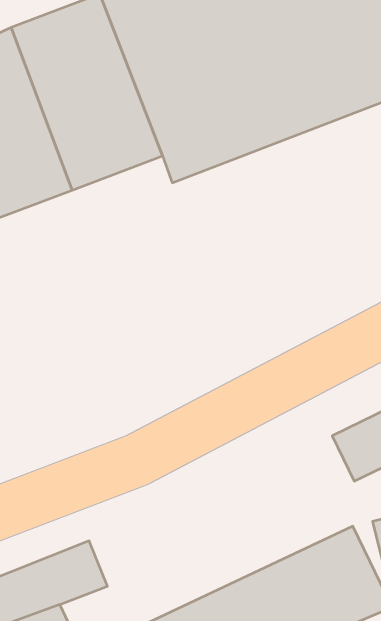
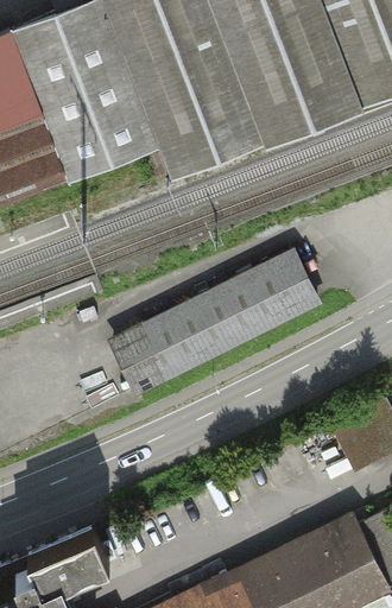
building: none -> [112,252,312,387]

